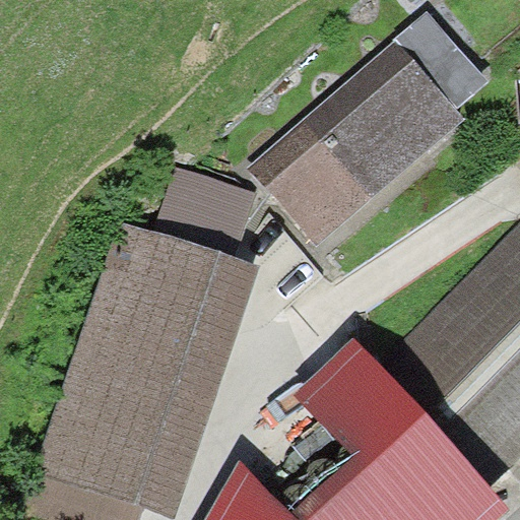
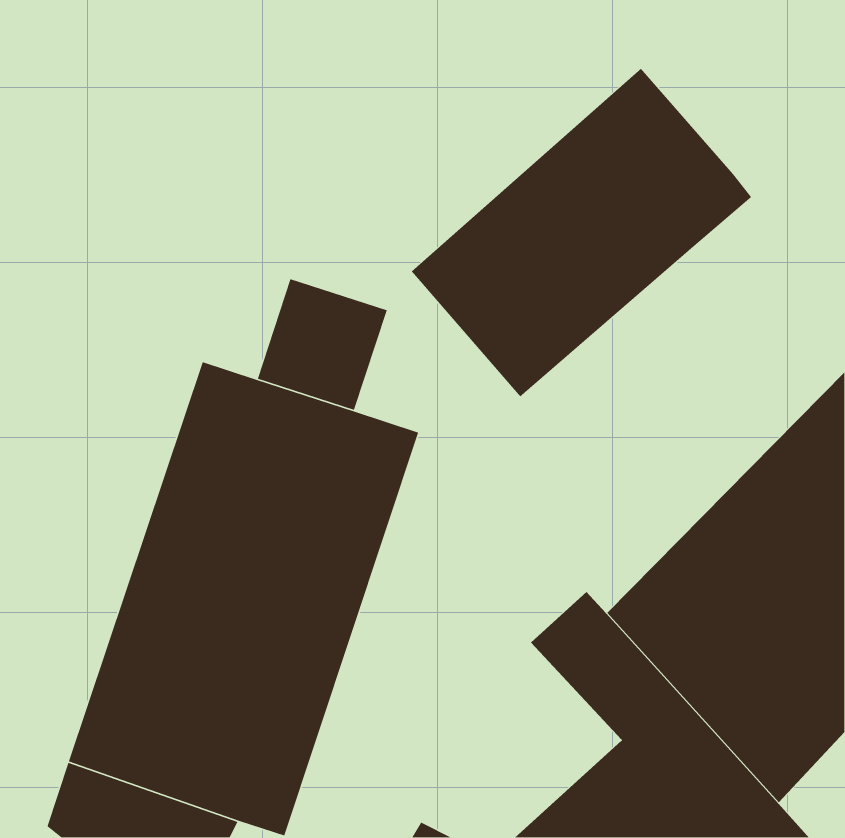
building: [393,14,482,107] -> none

